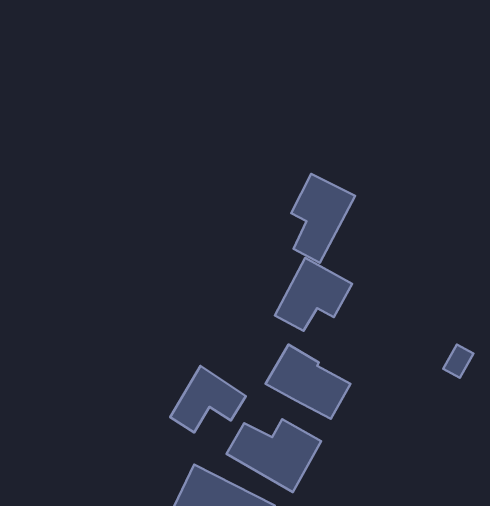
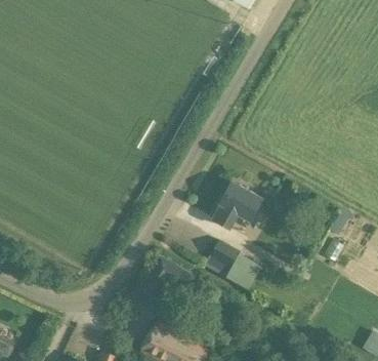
building: [291,174,355,263] -> none
building: [227,419,321,492] -> none

